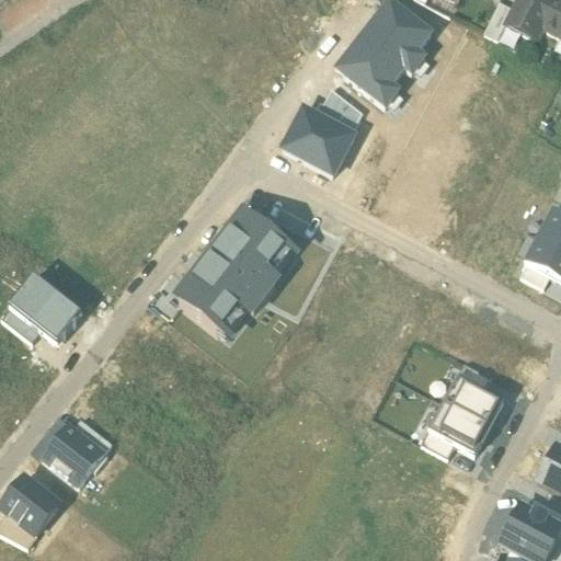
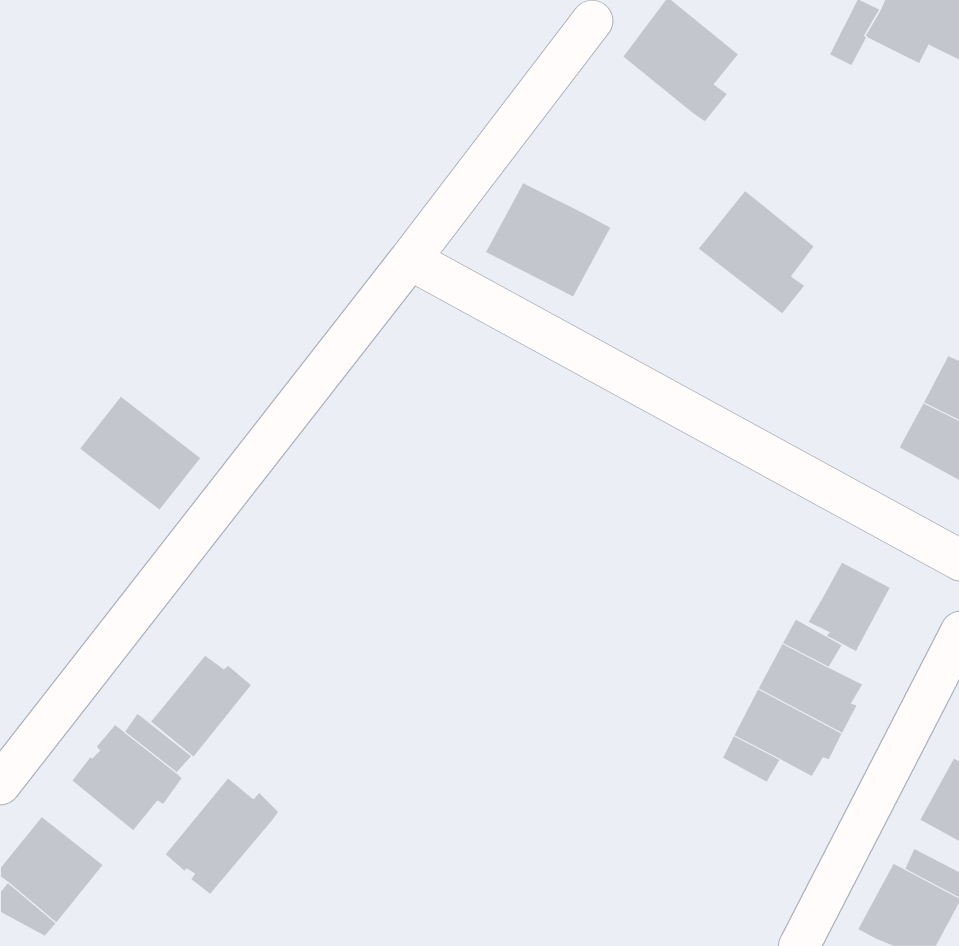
building: [336,33,404,105] -> [698,190,815,314]
building: [317,88,364,123] -> none
building: [180,213,288,331] -> none
building: [9,276,80,343] -> [79,396,201,511]
building: none -> [808,562,891,652]
building: none -> [150,655,252,757]
building: none -> [165,777,279,895]

